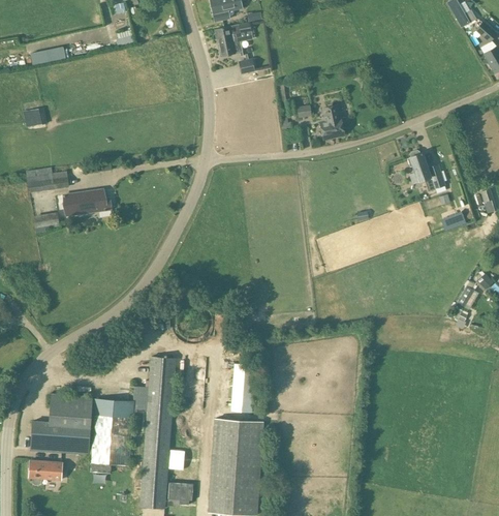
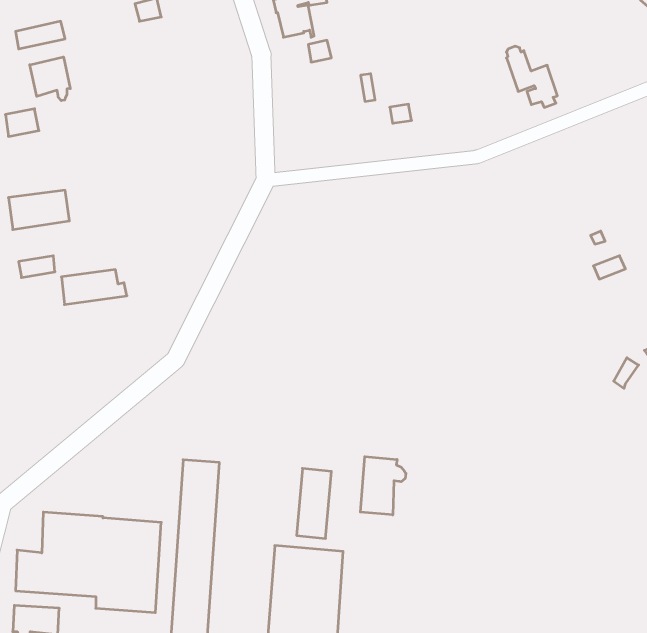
building: none -> [30,57,70,101]
building: [319,104,344,140] -> none
building: [410,150,446,193] -> [506,46,557,107]
building: [64,190,111,215] -> [61,270,127,305]
building: none -> [360,457,406,515]

